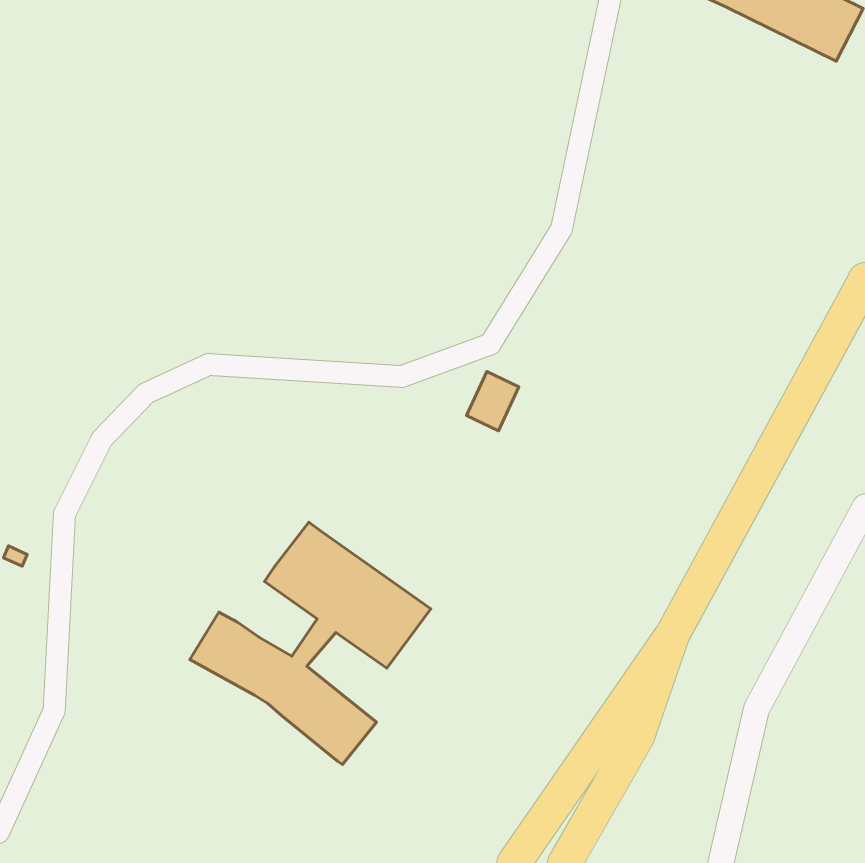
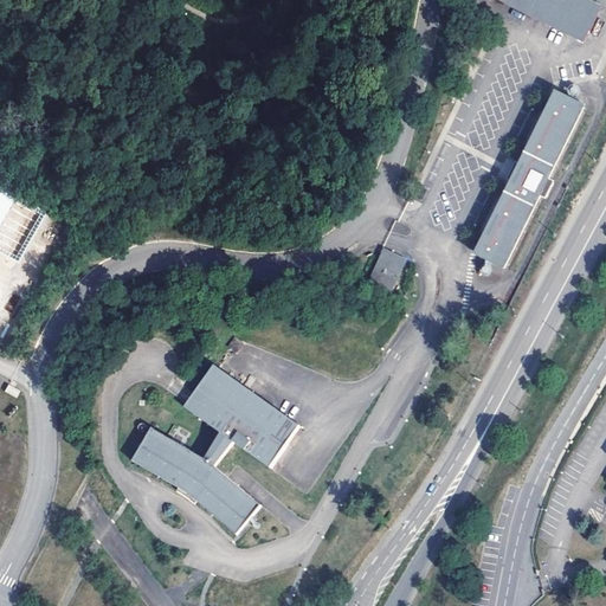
building: none -> [470,88,584,267]
building: [466,371,519,431] -> [369,249,406,290]

